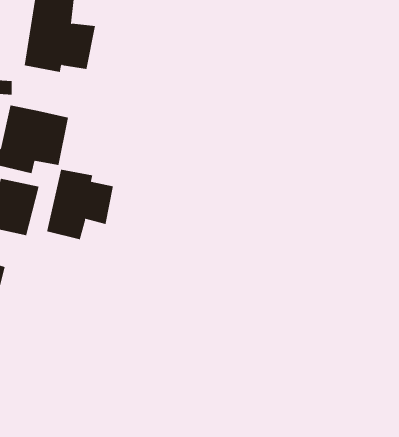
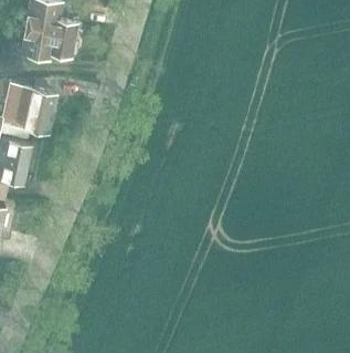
building: [46,169,113,240] -> none

